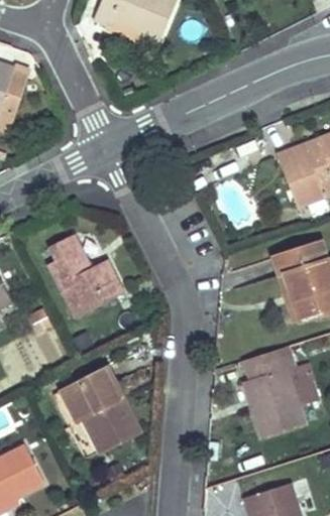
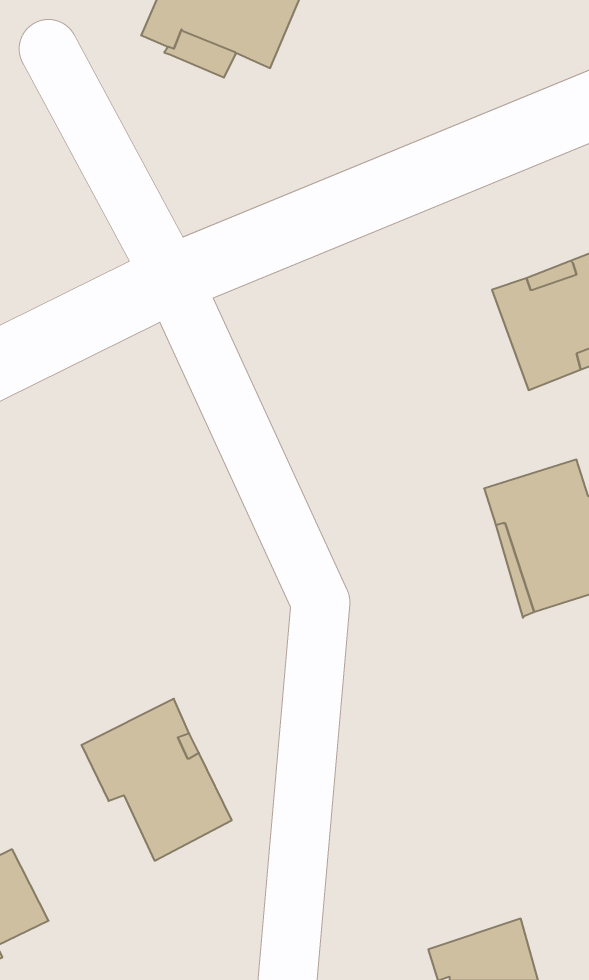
building: [47,234,124,317] -> none
building: [244,345,316,436] -> none

